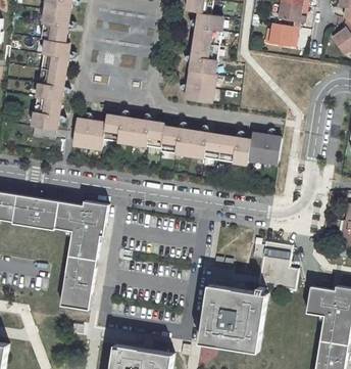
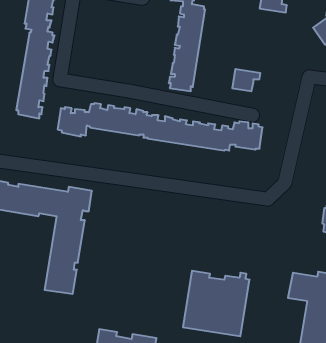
building: [267,24,296,46] -> [232,69,260,91]
building: [256,241,296,290] -> none

